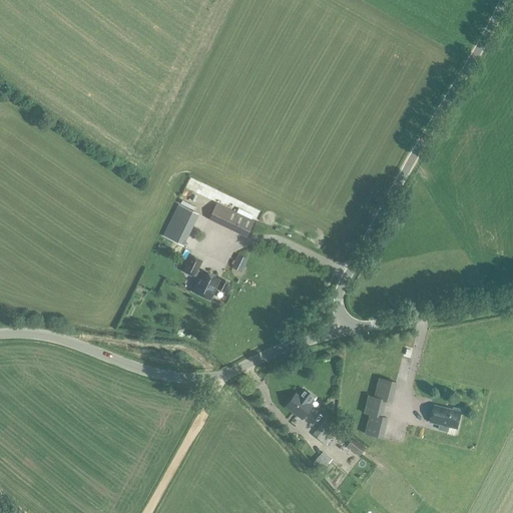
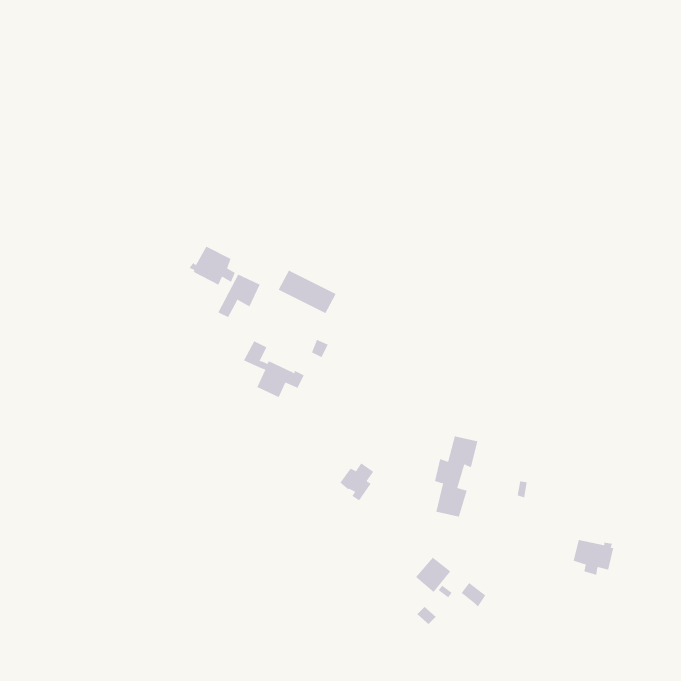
building: none -> [189,246,235,286]
building: [363,378,396,439] -> [434,436,478,517]
building: [287,389,313,418] -> [340,463,374,501]

